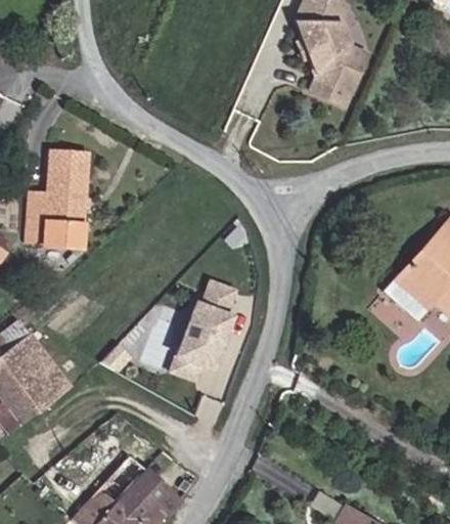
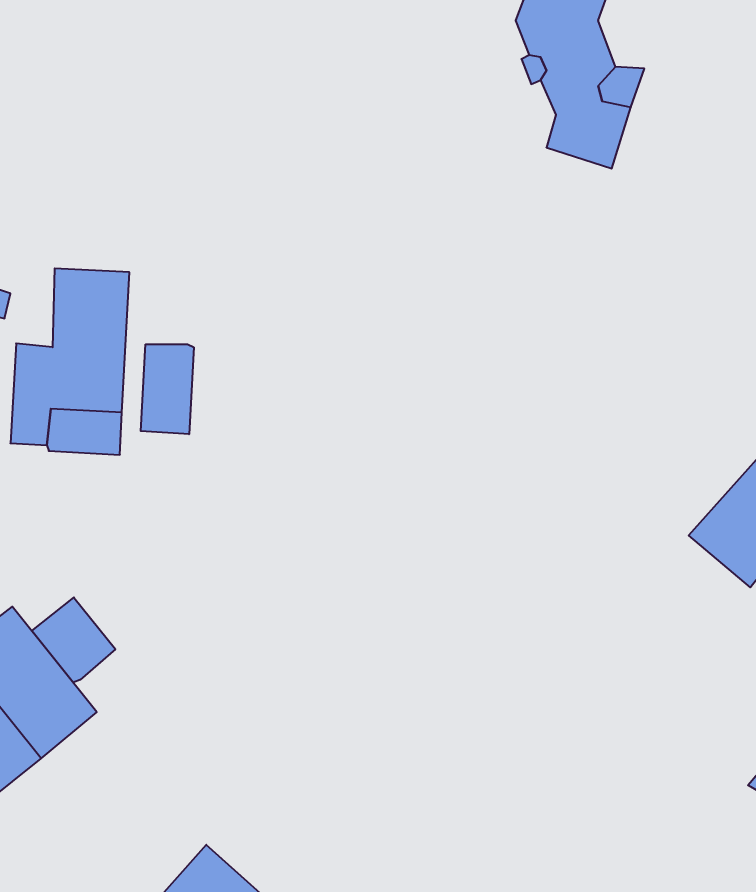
building: none -> [141,344,194,434]
building: [170,280,237,381] -> none
building: none -> [32,597,115,683]

